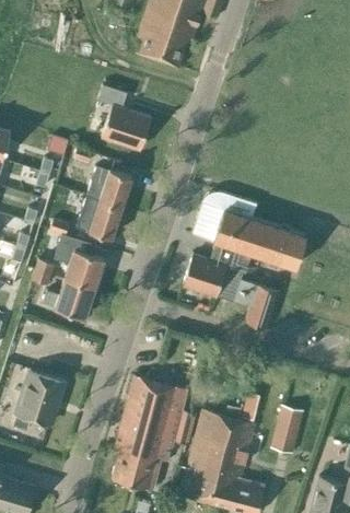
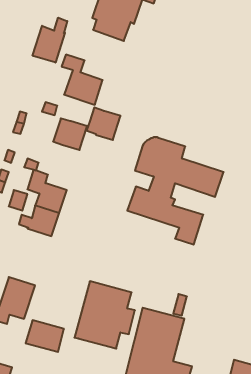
building: none -> [33,18,67,63]
building: [78,197,121,238] -> [86,107,121,140]
building: [270,405,305,454] -> none
building: [112,450,161,490] -> [26,320,64,352]

